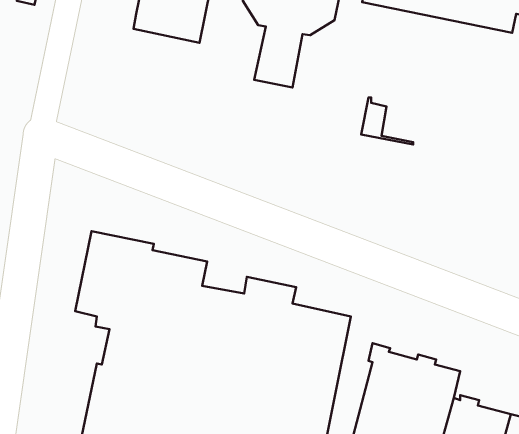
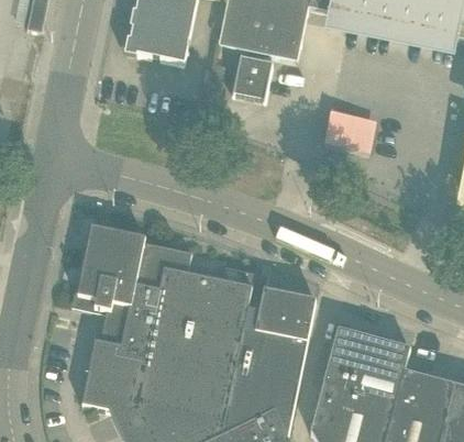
building: none -> [332,110,375,148]

